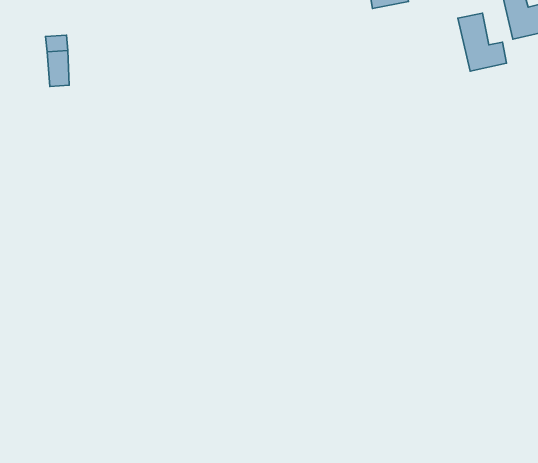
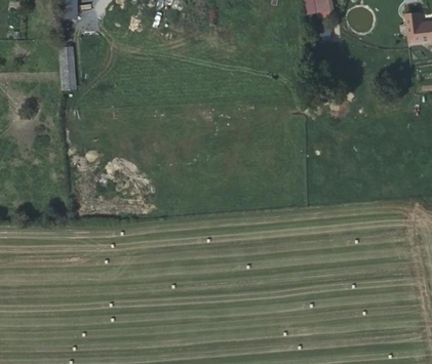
building: [458,13,507,71] -> none

